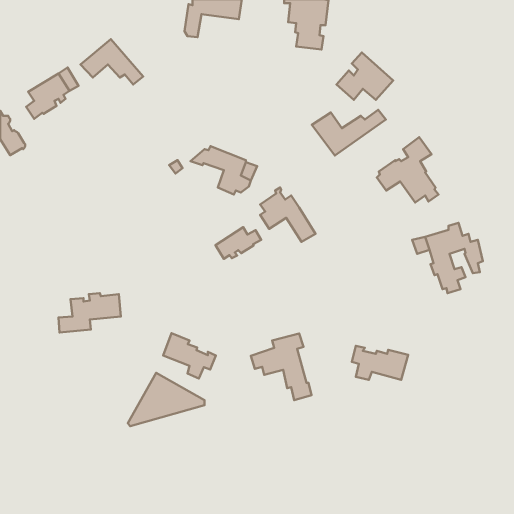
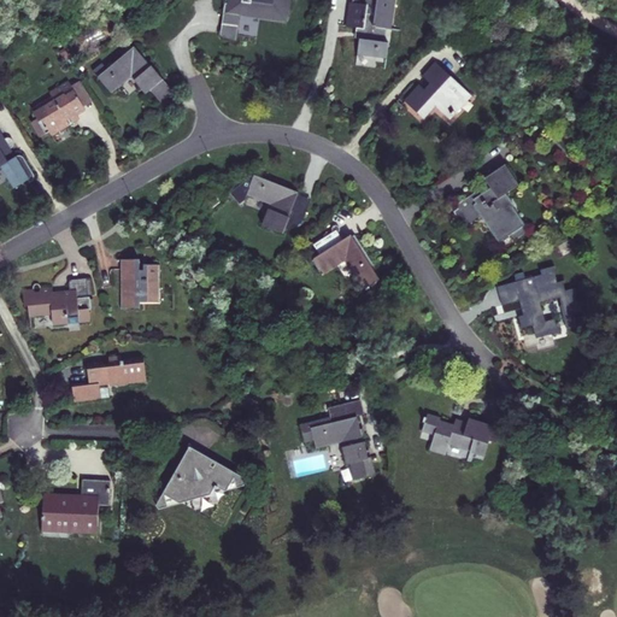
building: [312,110,386,156] -> none
building: none -> [121,259,158,307]
building: [216,227,261,259] -> none
building: none -> [22,278,88,324]
building: [163,333,216,378] -> none
building: none -> [41,480,110,535]

